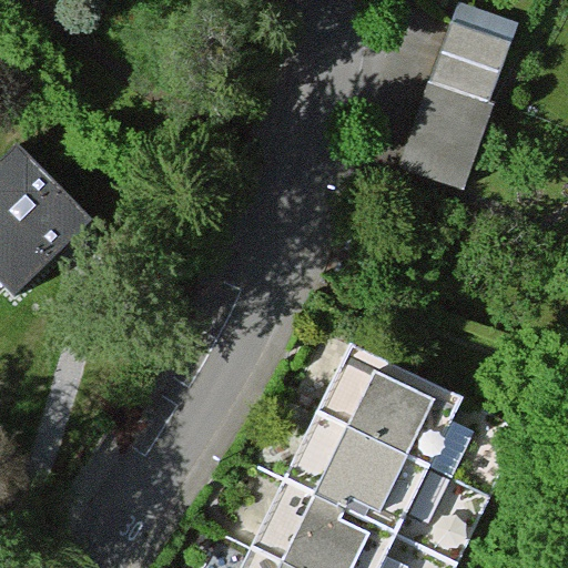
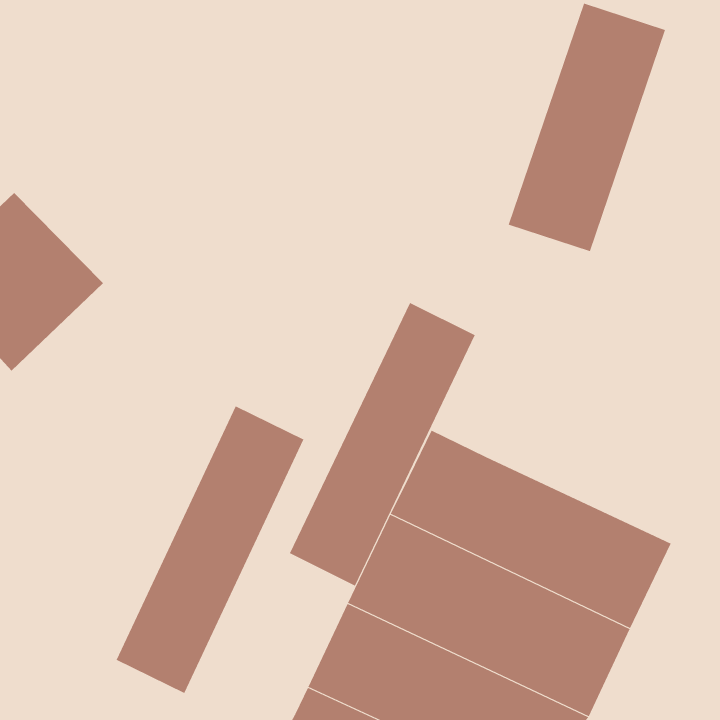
building: none -> [289,302,476,586]
building: none -> [116,406,304,694]

